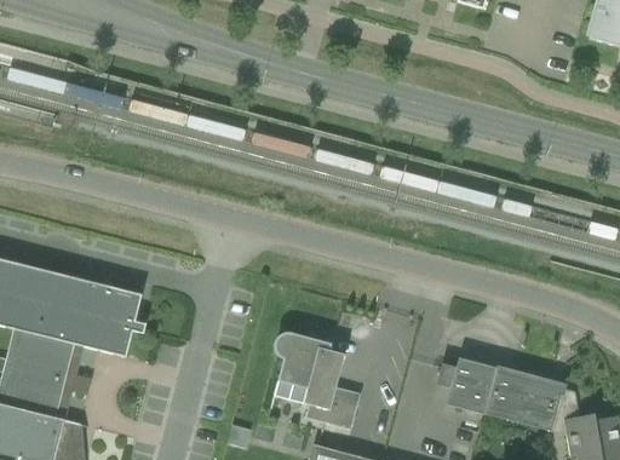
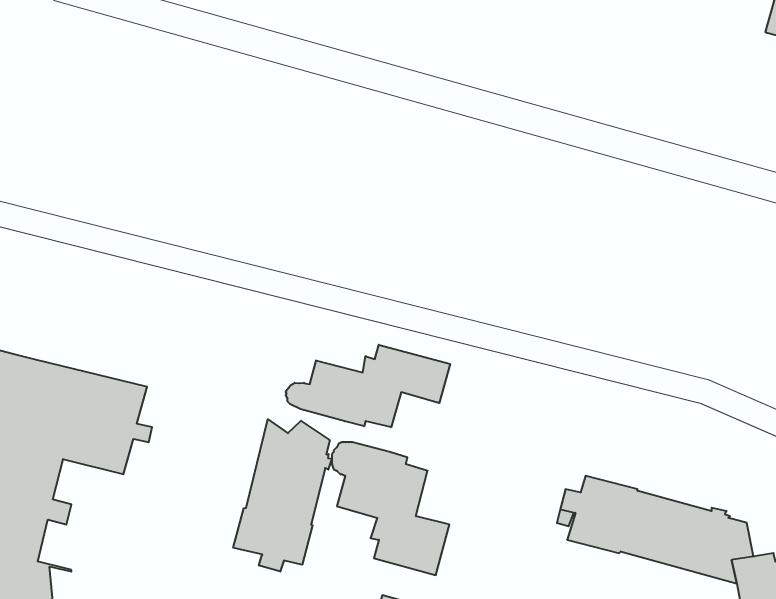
building: none -> [286,345,450,427]
building: none -> [233,419,332,572]

